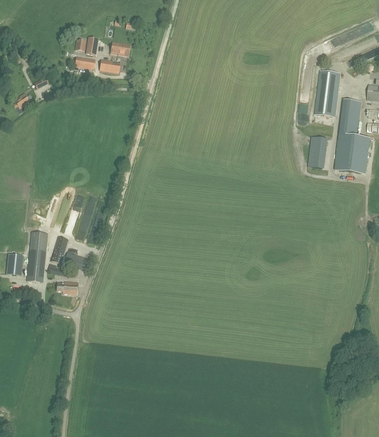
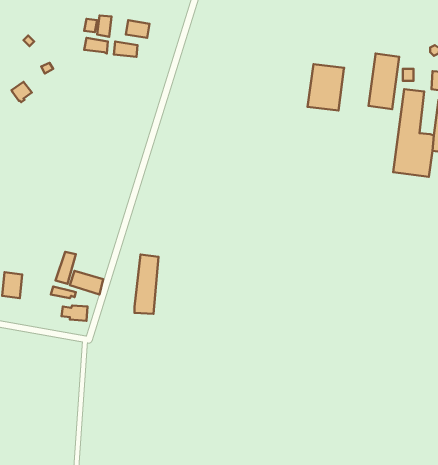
building: none -> [308,64,344,111]
building: [309,136,332,169] -> none
building: [26,231,46,281] -> [135,254,158,314]

